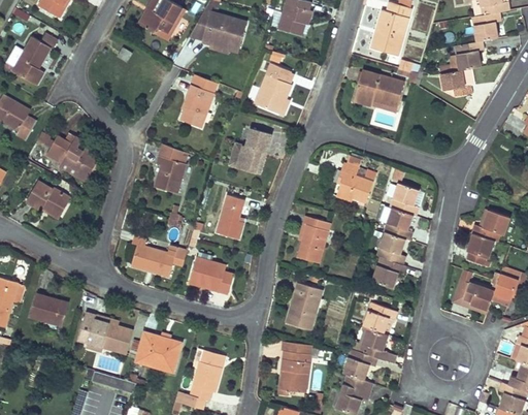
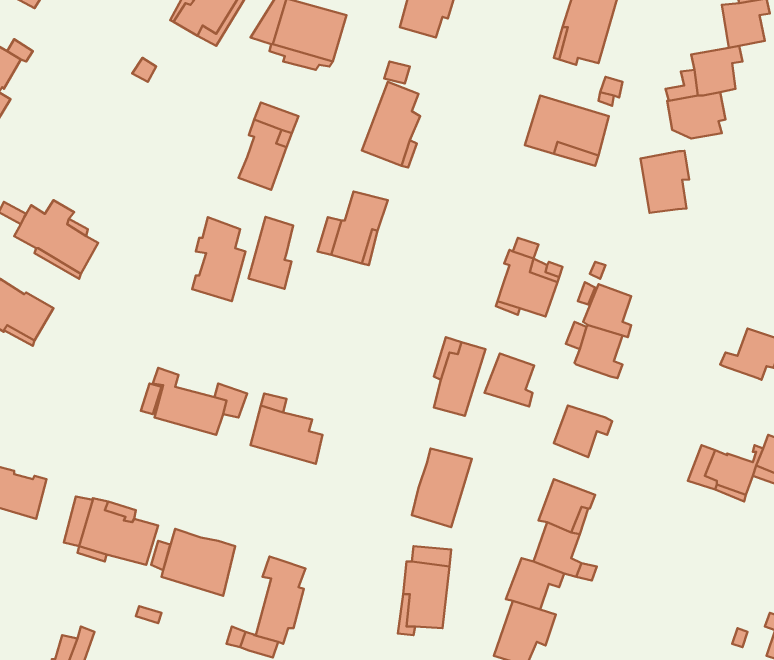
building: none -> [640,151,689,213]
building: [216,194,242,237] -> [249,217,293,289]
building: [375,232,405,264] -> [485,354,534,407]
building: [466,233,494,265] -> none

